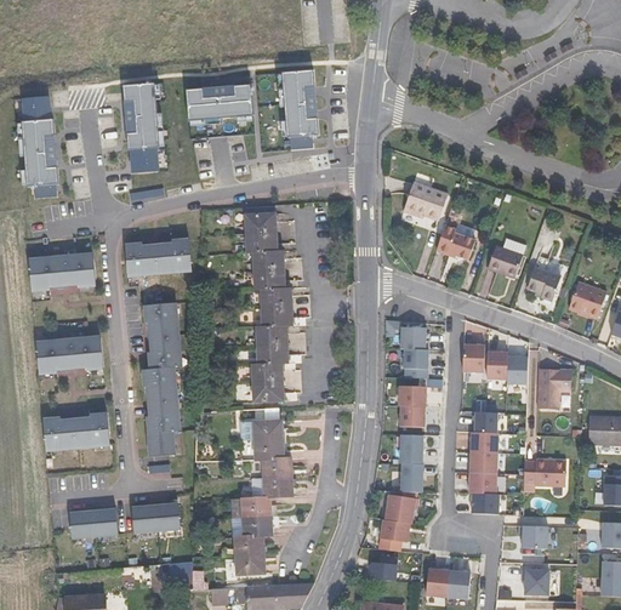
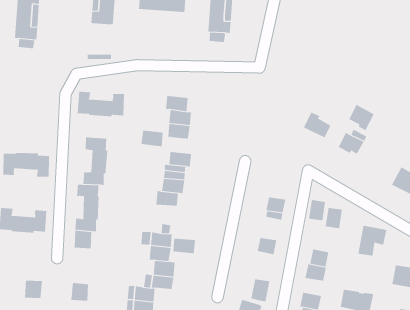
building: [130,148,158,173] -> none
building: [403,182,448,220] -> none
building: [244,205,275,233] -> none
building: [28,255,95,291] -> none
building: [526,267,560,301] -> [349,104,374,131]
building: [261,287,291,308] -> [140,130,164,147]
building: [399,327,428,349] -> none
building: [507,357,528,384] -> none
building: [252,381,284,401] -> [173,238,196,254]
building: [398,386,426,406] -> none
building: [400,434,422,463] -> none
building: [469,452,496,473] -> none
building: [131,506,156,532] -> none
building: [68,512,93,537] -> none

